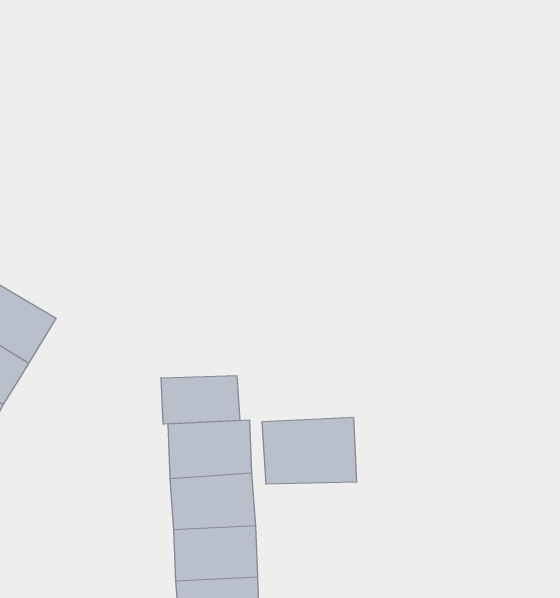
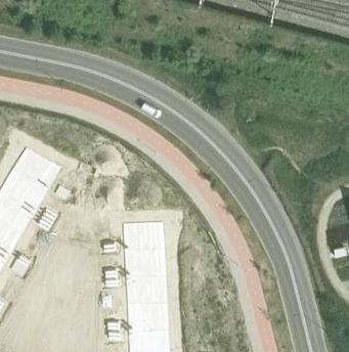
building: [161,376,240,424] -> none
building: [262,417,357,484] -> none

